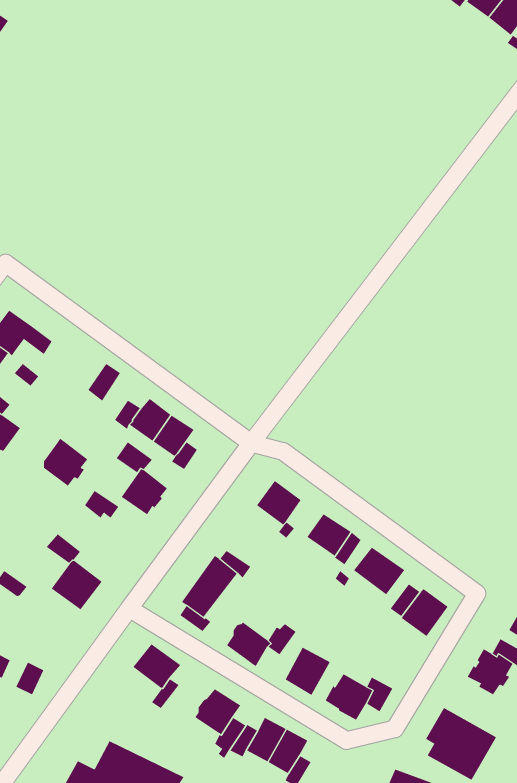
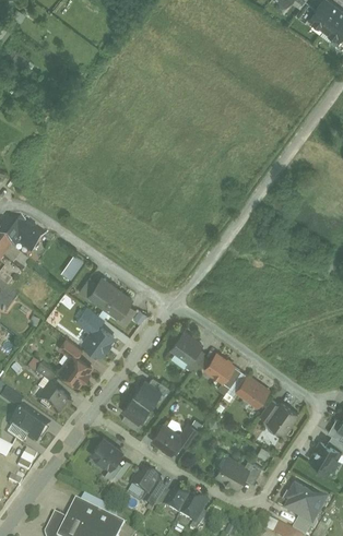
building: [43,438,88,486] -> [61,353,91,384]
building: none -> [10,408,47,443]
building: [285,647,331,696] -> none

